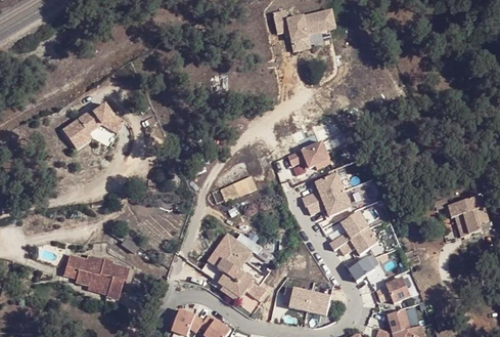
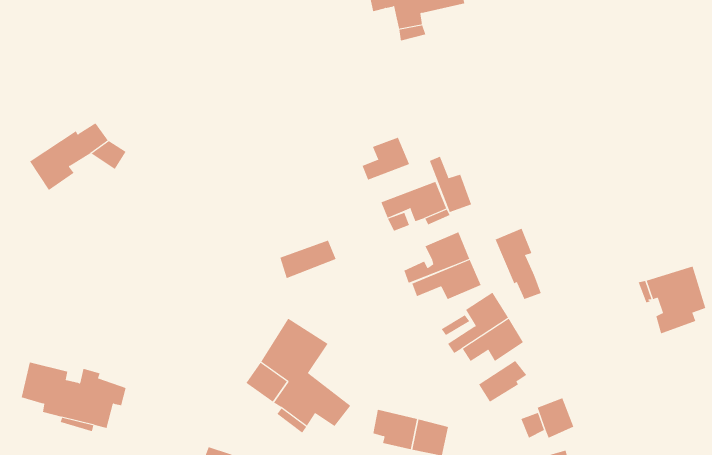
building: none -> [362,137,410,180]
building: none -> [429,156,472,213]
building: none -> [495,228,541,300]

